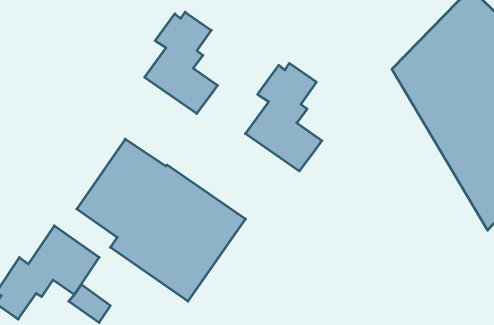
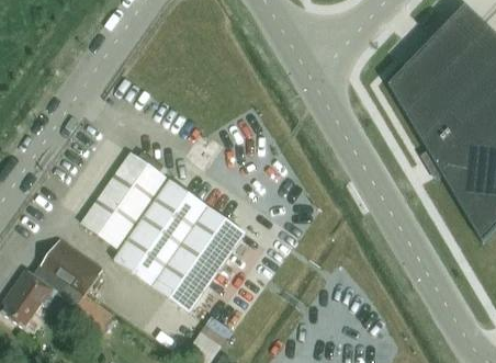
building: [145,12,218,114] -> none
building: [245,63,322,171] -> none

